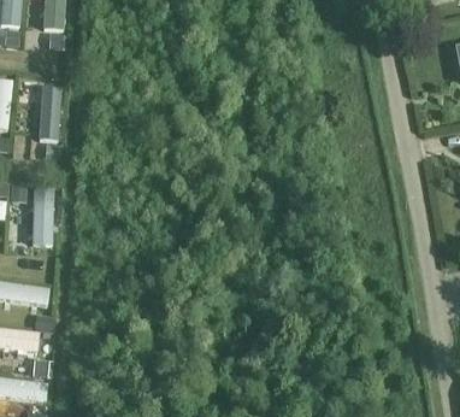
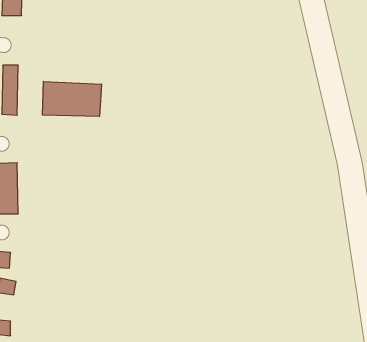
building: none -> [43,81,102,116]

